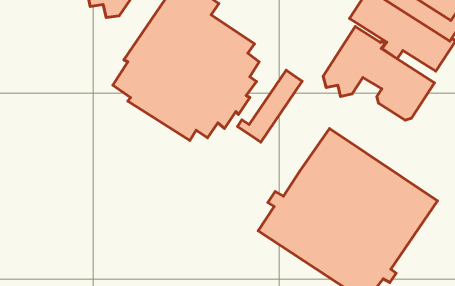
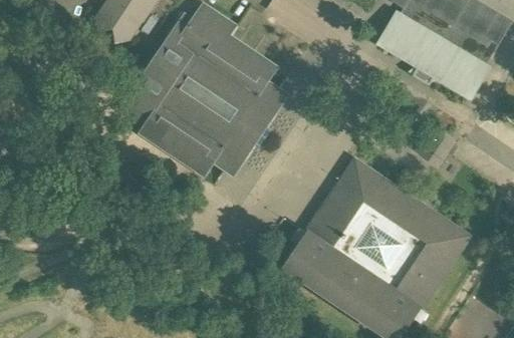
building: [323,27,435,120] -> none
building: [237,70,302,142] -> none

